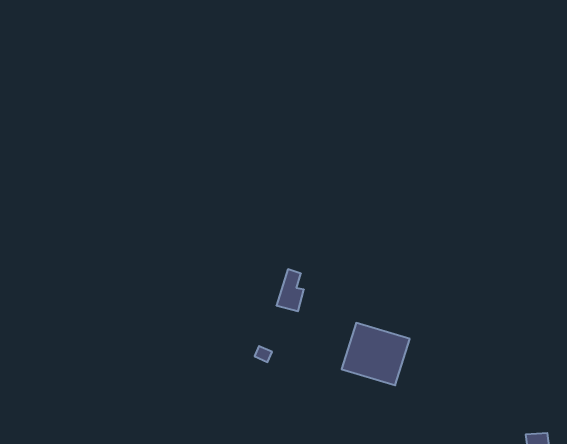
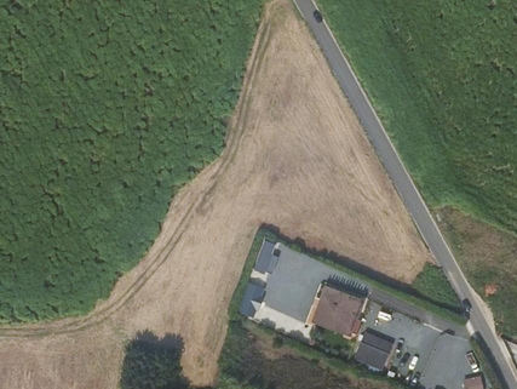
building: none -> [352,332,391,371]

